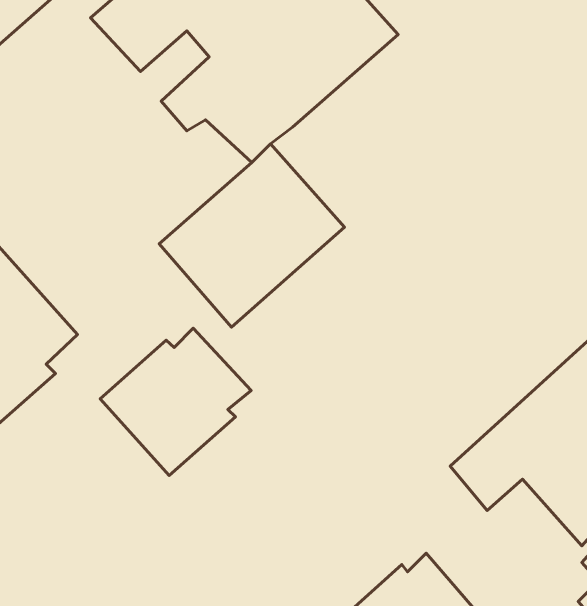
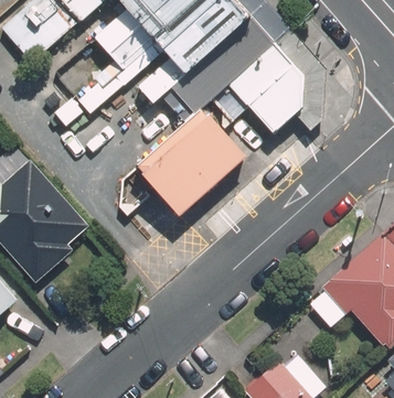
building: none -> [213,46,304,137]
building: [100,328,251,476] -> none

